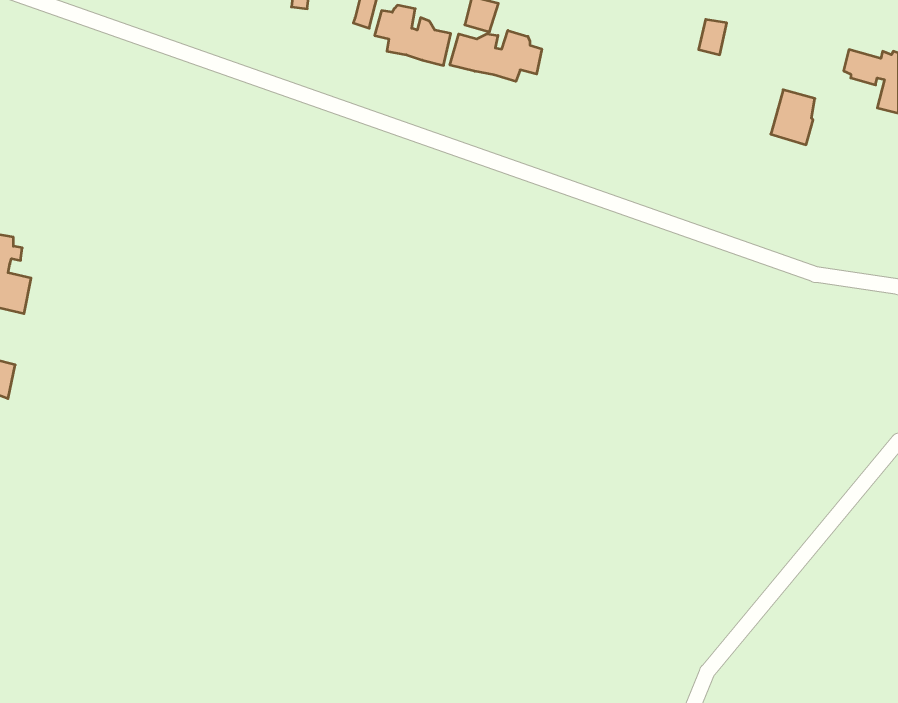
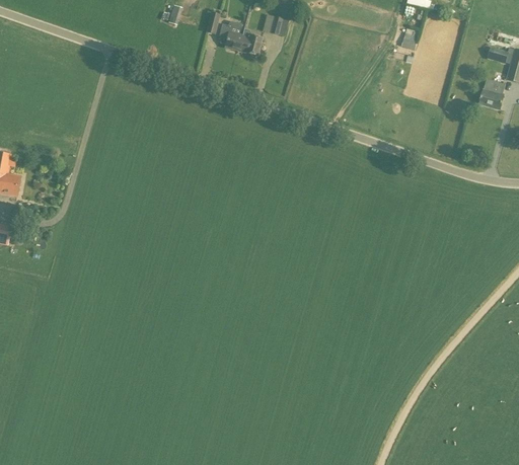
building: [450,30,542,81] -> none
building: [771,90,815,145] -> [477,78,503,109]

